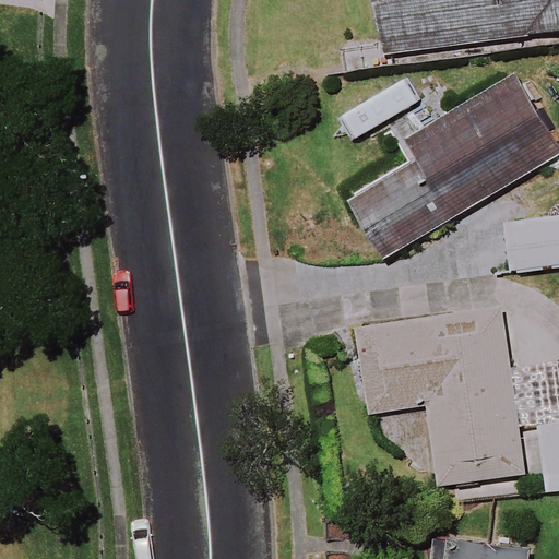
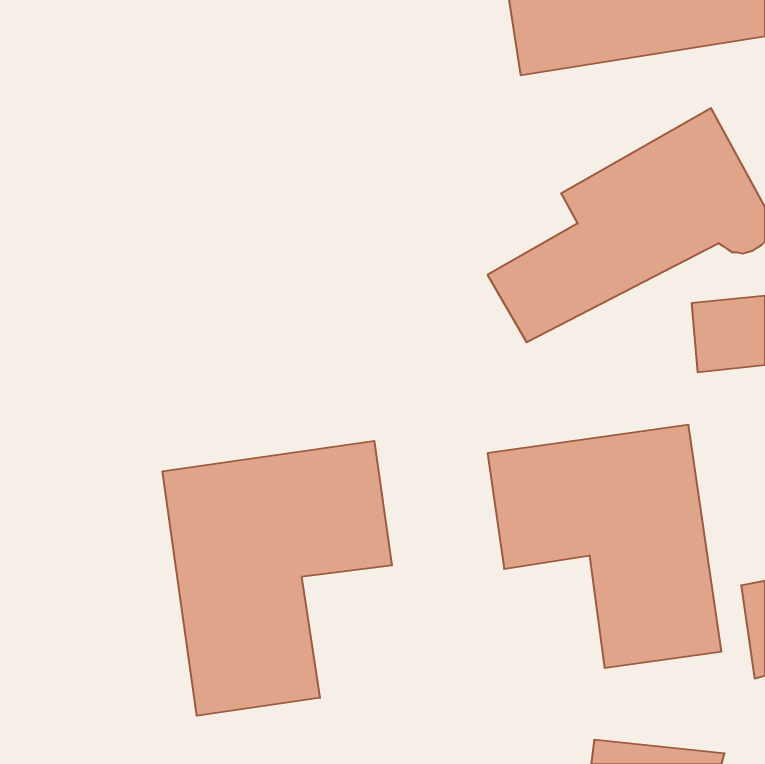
building: none -> [163,441,392,716]

